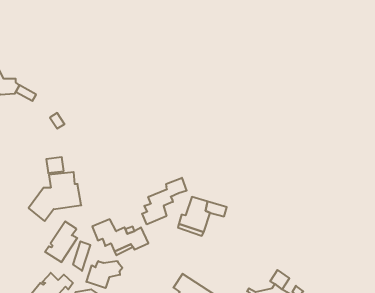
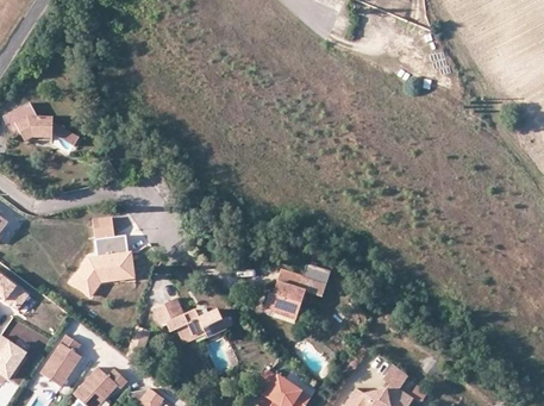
building: [142,178,187,224] -> none
building: [45,221,77,262] -> [40,333,82,386]
building: [86,261,122,288] -> none

